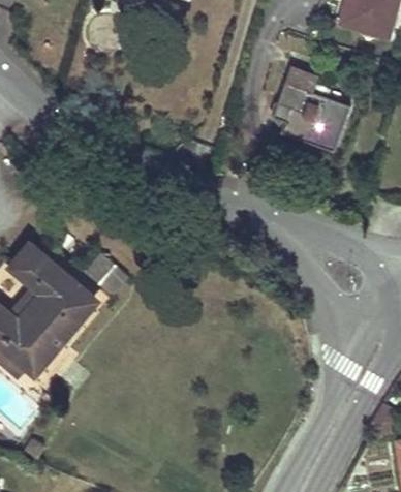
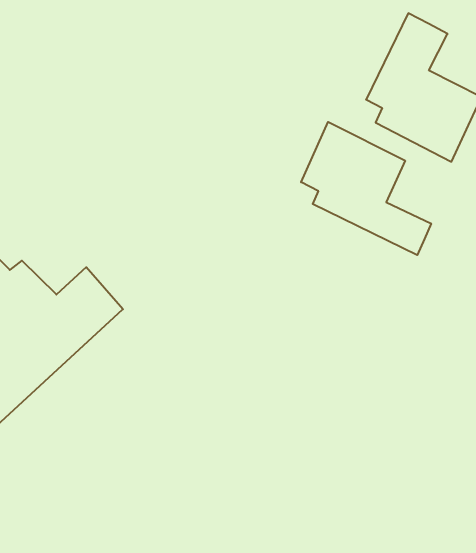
building: none -> [301,122,431,255]

